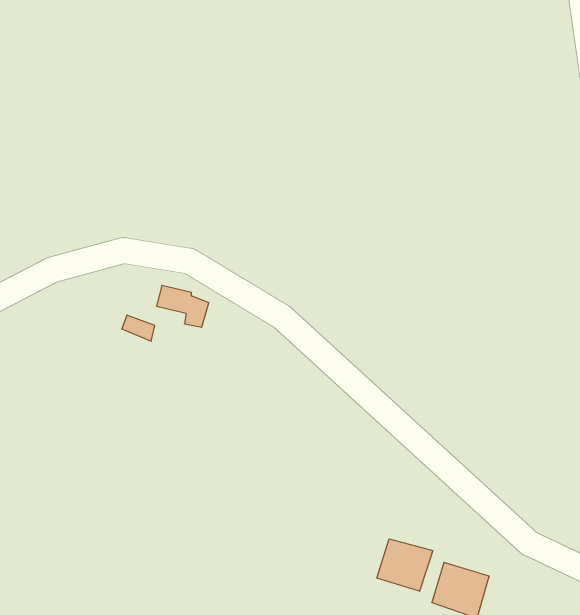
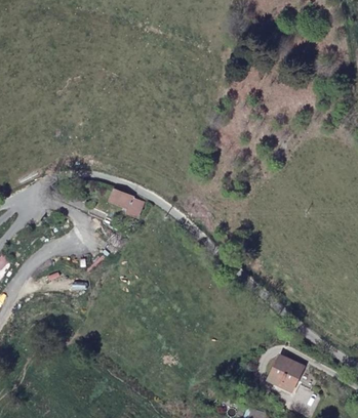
building: [377,539,433,591] -> none

